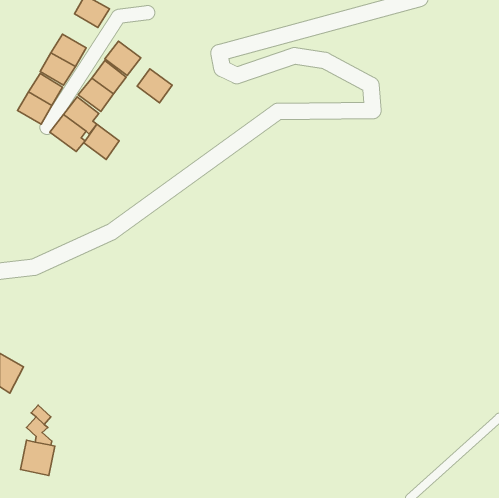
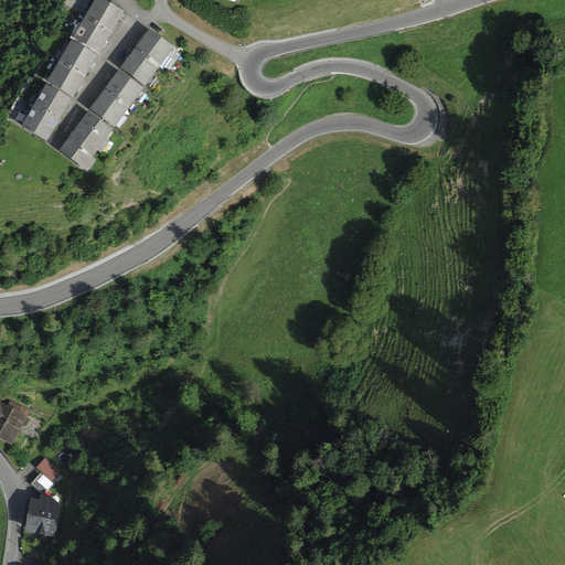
building: none -> [72,15,110,52]
building: [137,69,172,103] -> [134,26,173,65]
building: [84,124,119,159] -> none

